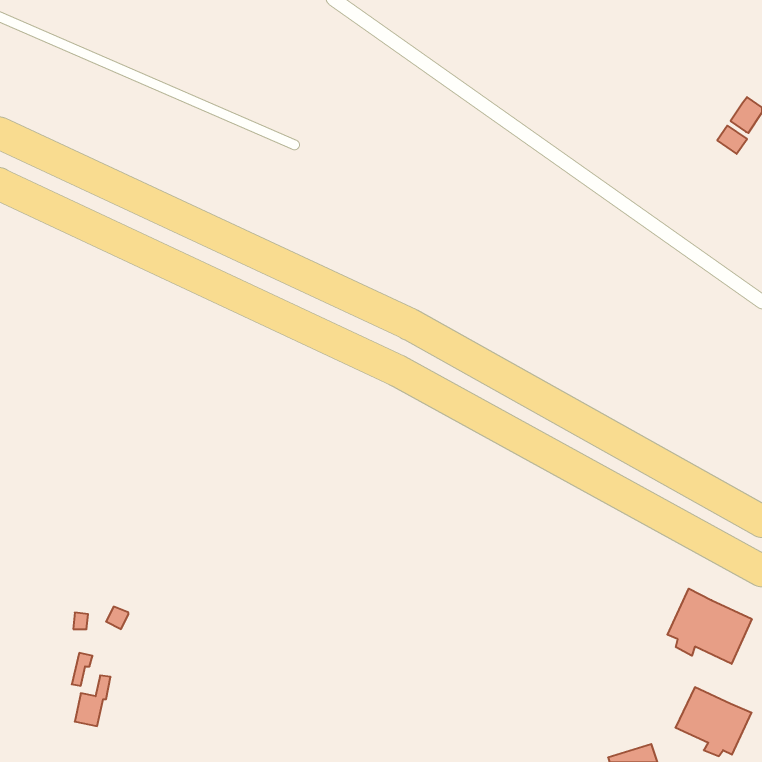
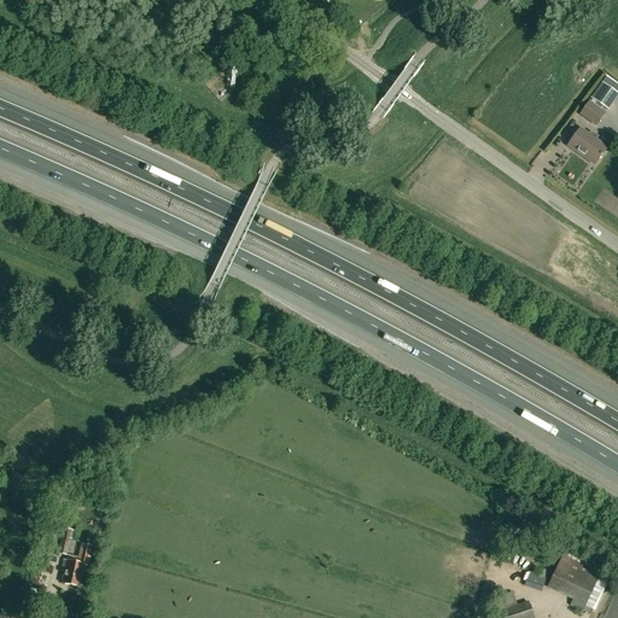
building: none -> [566,128,605,164]
building: [667,589,752,664] -> none

